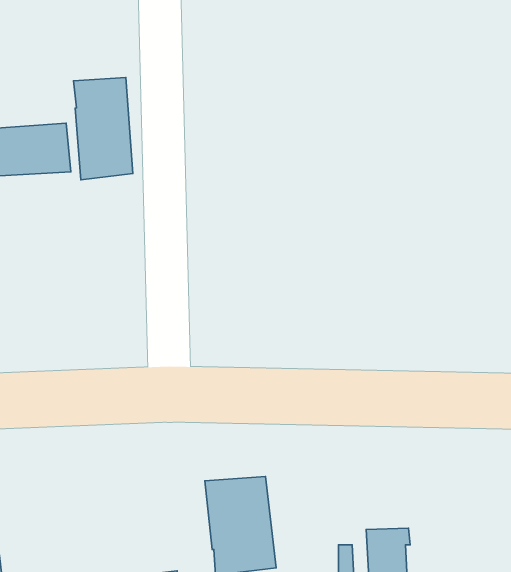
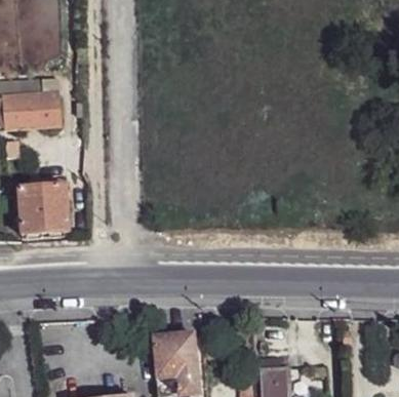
building: [73,78,133,180] -> none
building: none -> [18,184,70,234]

